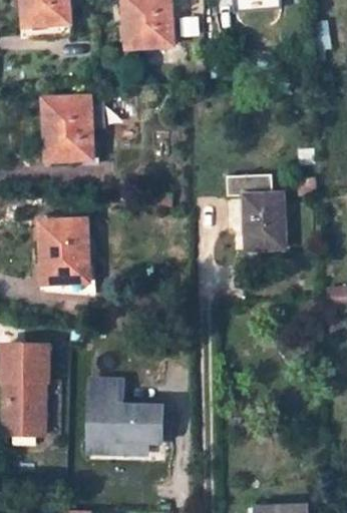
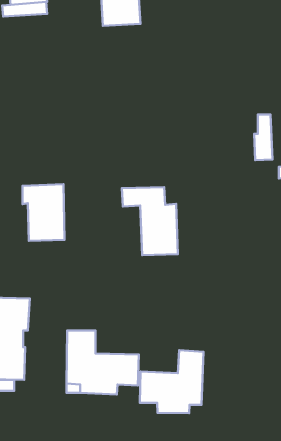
building: [44,96,91,159] -> none
building: [224,174,285,248] -> [122,187,178,255]
building: none -> [140,350,204,413]

